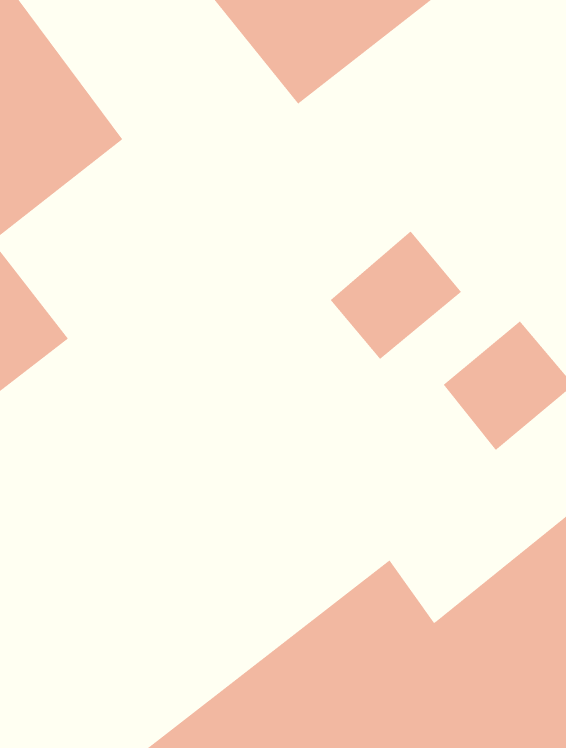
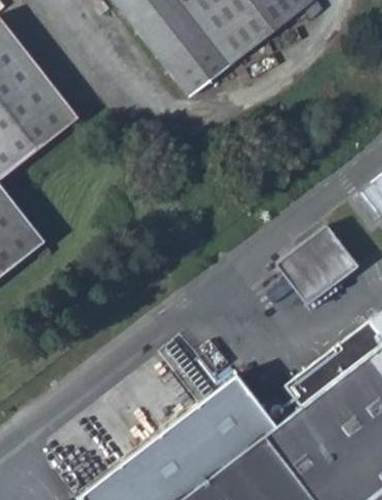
building: [330,231,462,360] -> none

